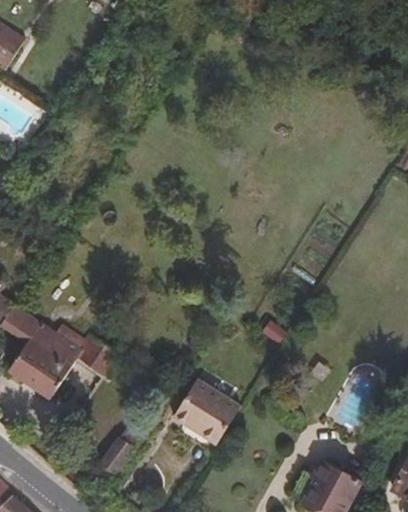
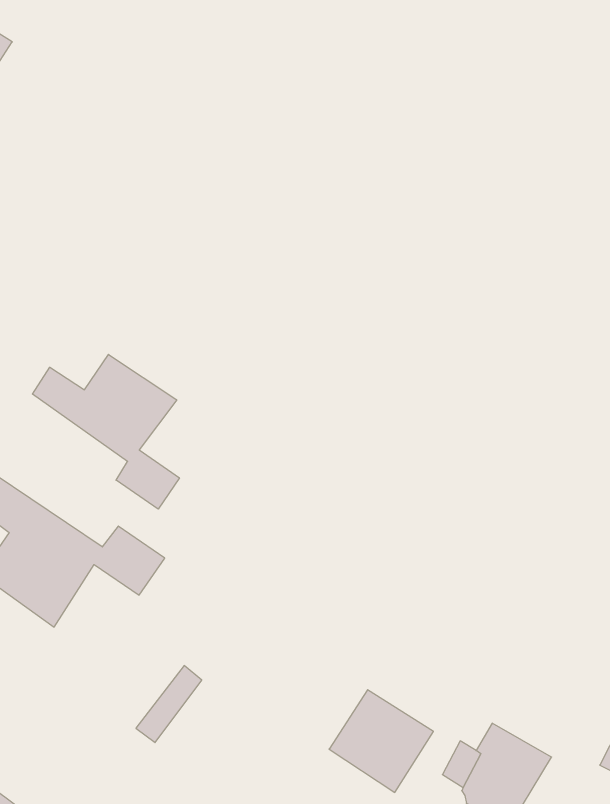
building: none -> [32,354,179,509]
building: [174,380,239,444] -> [329,690,433,792]

